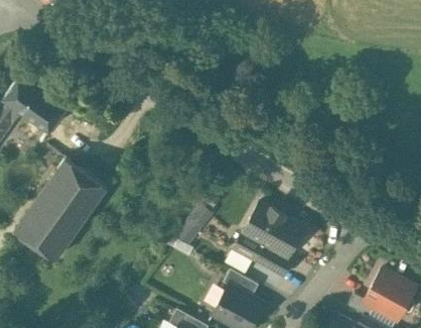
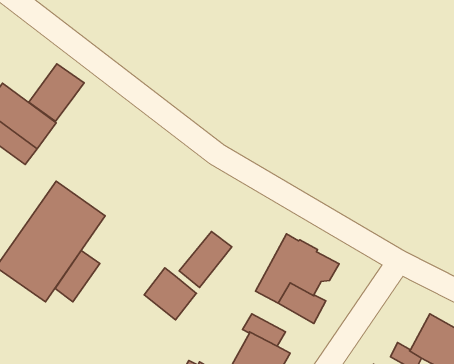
building: none -> [29,64,84,122]
building: none -> [55,251,100,302]
building: none -> [144,268,197,320]

